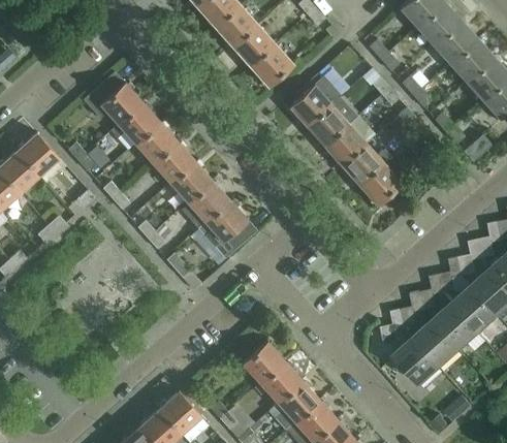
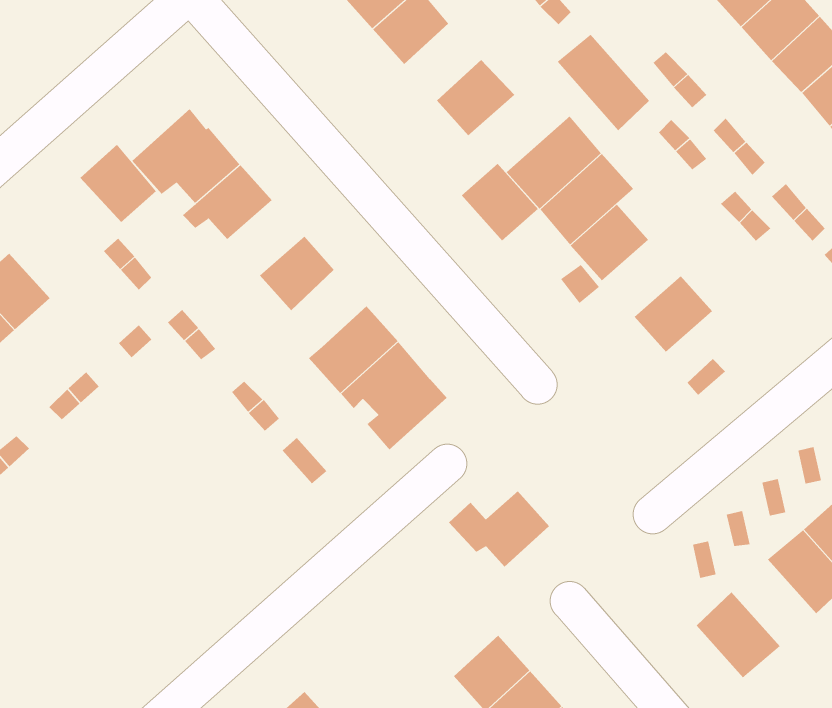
building: [233,25,276,67] -> none
building: none -> [557,34,650,131]
building: none -> [461,163,539,241]
building: [136,122,179,163] -> none
building: [17,132,59,176] -> [80,144,157,223]
building: [342,144,385,186] -> none
building: [171,160,213,202] -> none
building: [413,319,460,367] -> none
building: [229,341,285,383] -> [448,490,550,568]

